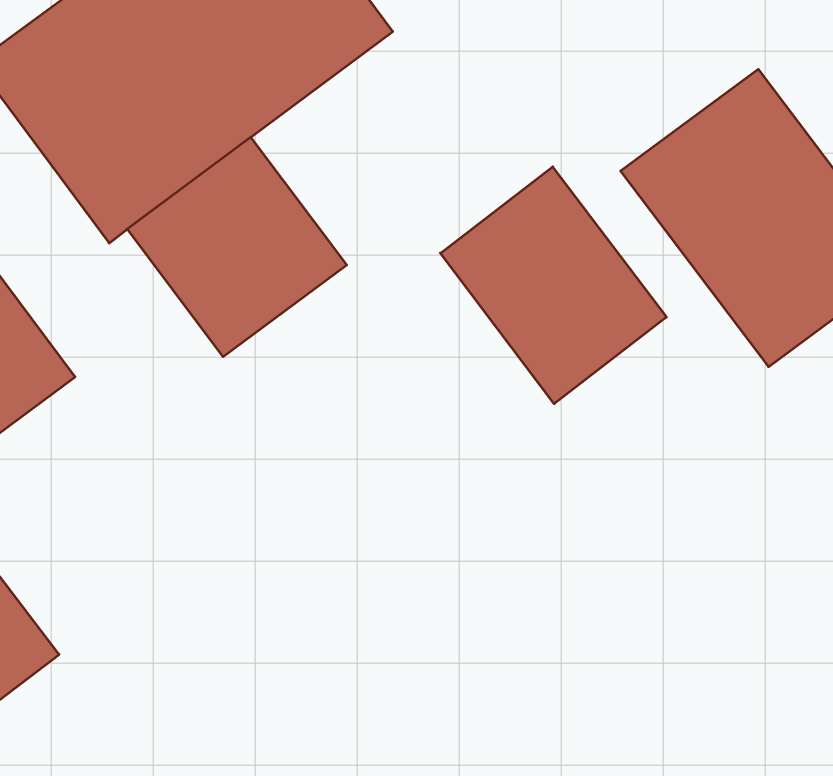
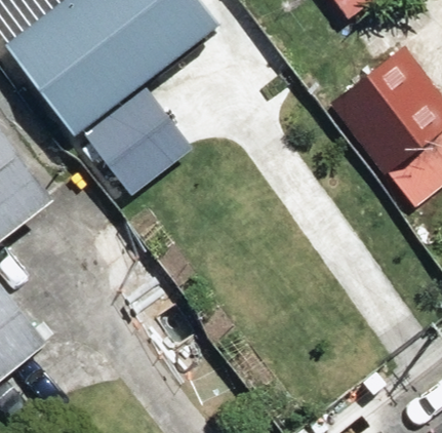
building: [440,167,666,404] -> none

